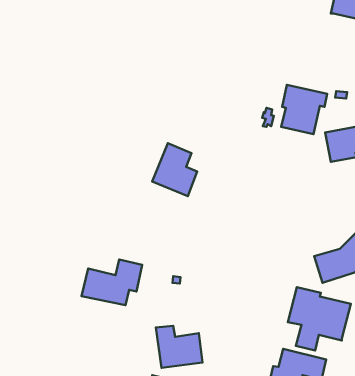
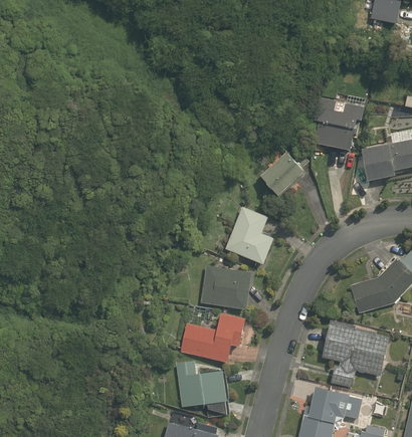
building: none -> [261,152,305,196]
building: [152,143,197,196] -> [225,206,274,264]
building: none -> [201,265,252,308]
building: [82,259,142,305] -> [180,311,246,362]

